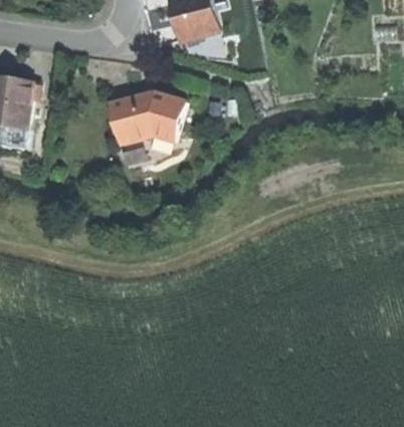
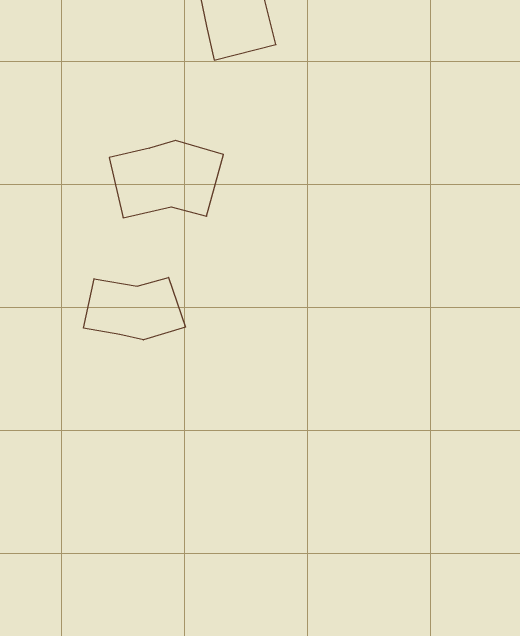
building: none -> [84,277,186,340]

